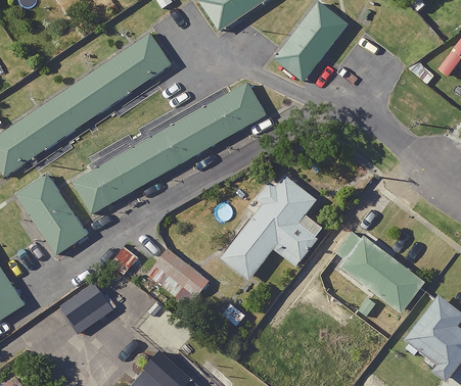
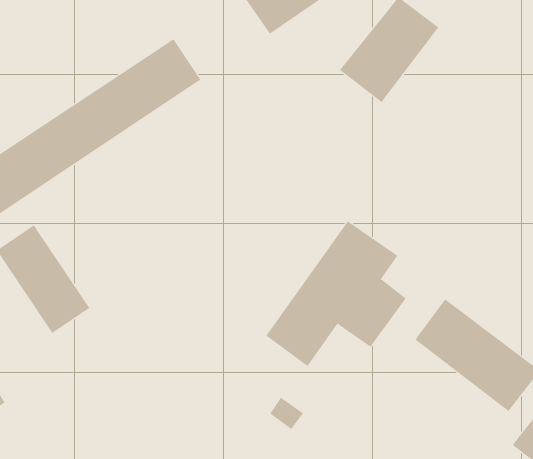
building: [73,82,264,215] -> none
building: [149,249,209,307] -> none
building: [59,284,112,335] -> none

